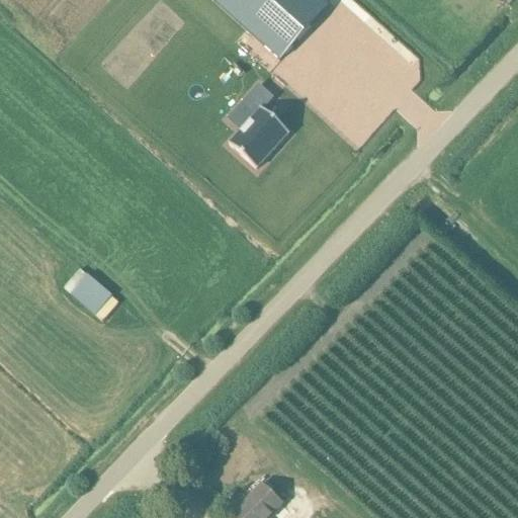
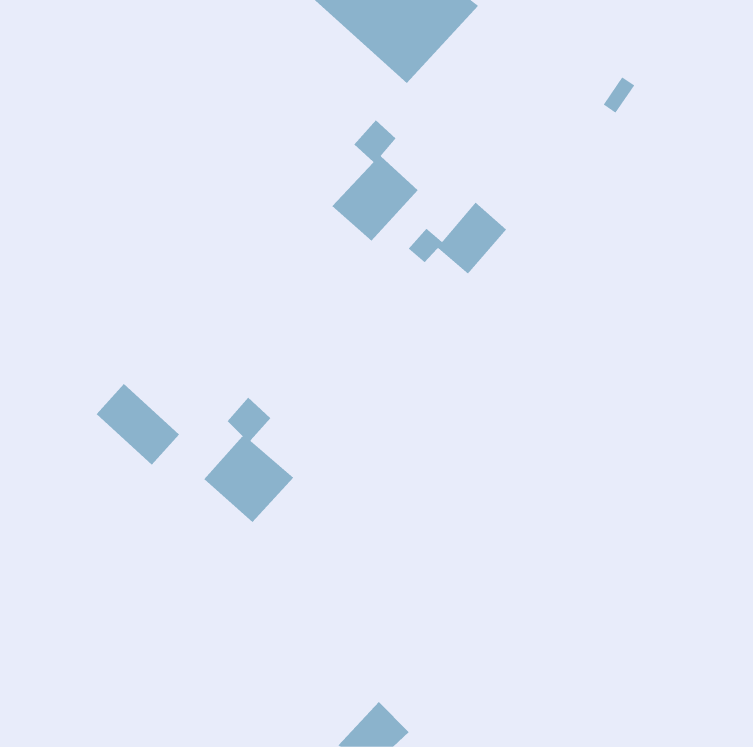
building: none -> [408,202,507,275]
building: none -> [203,397,294,523]

